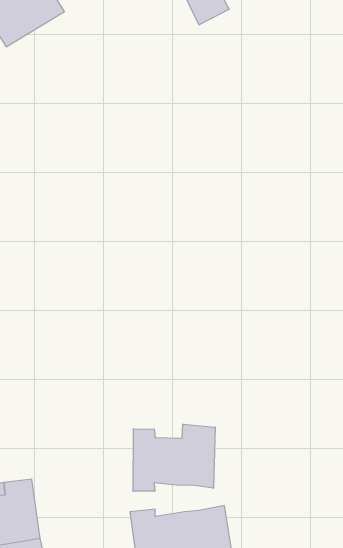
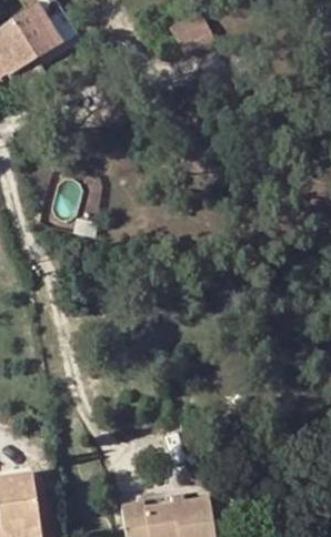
building: [133,424,215,491] -> none

